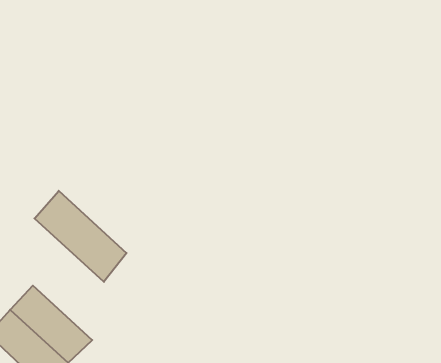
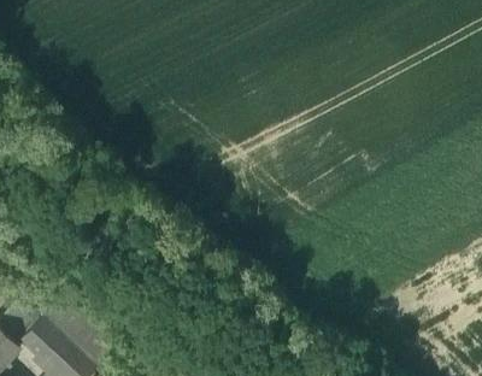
building: [34,191,127,282] -> none

